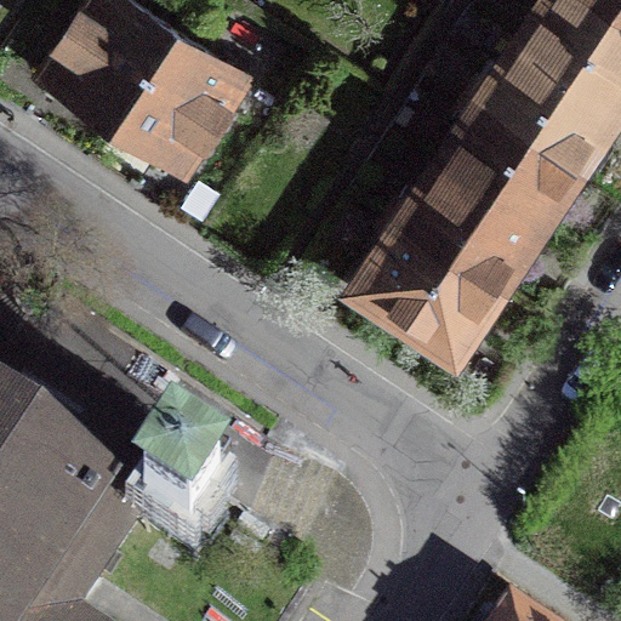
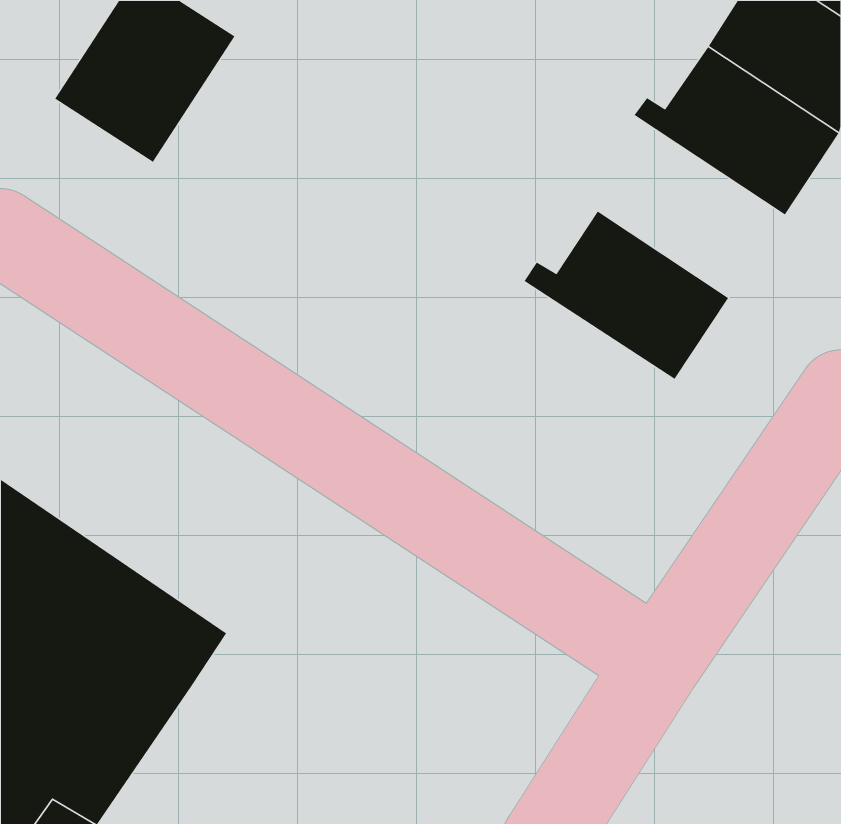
building: [113,39,245,180] -> none
building: [440,97,579,232] -> none
building: [357,220,507,359] -> none

